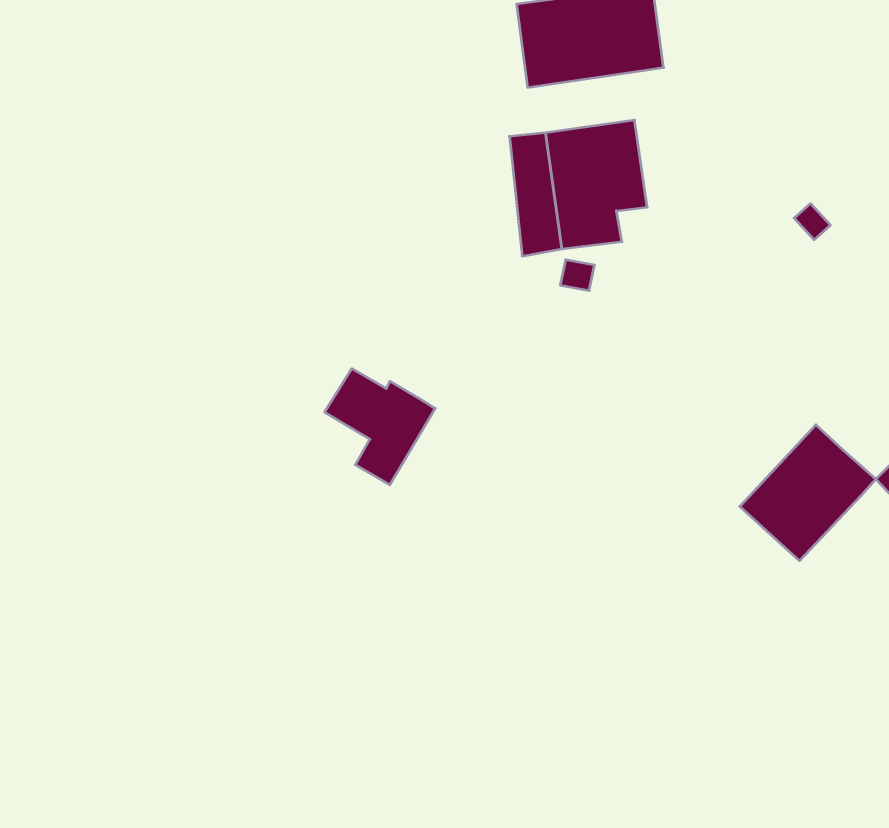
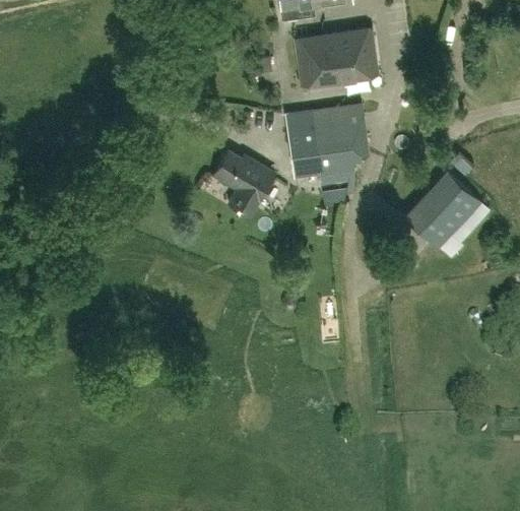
building: [325,369,435,485] -> [212,151,274,216]
building: [740,425,876,561] -> [404,172,480,248]

